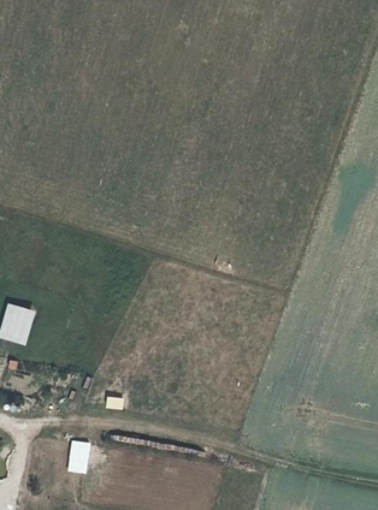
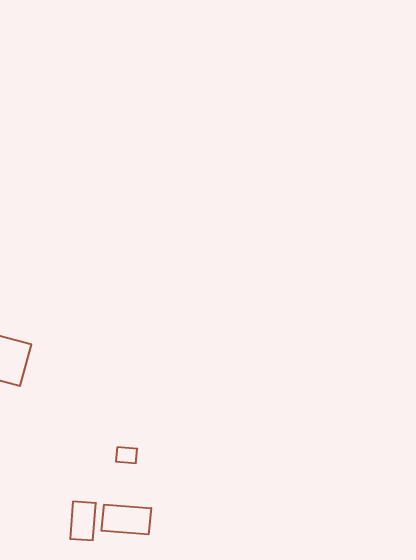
building: none -> [101,505,151,534]

